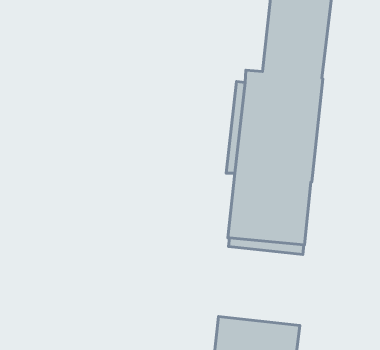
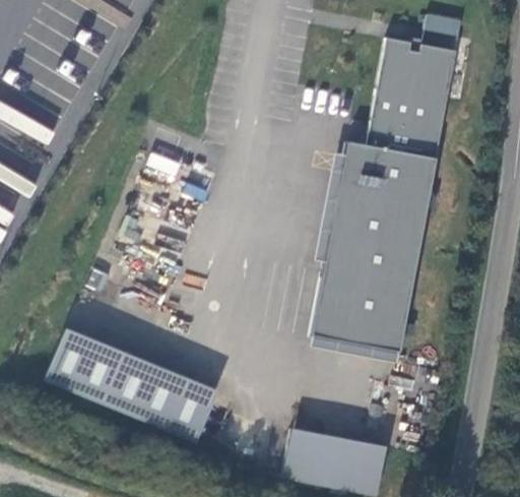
building: none -> [45,328,218,442]

